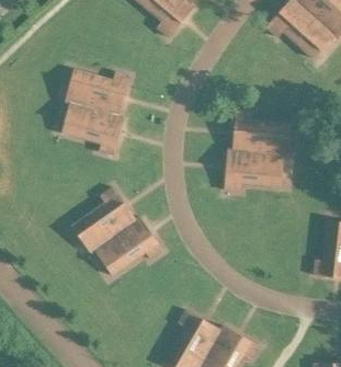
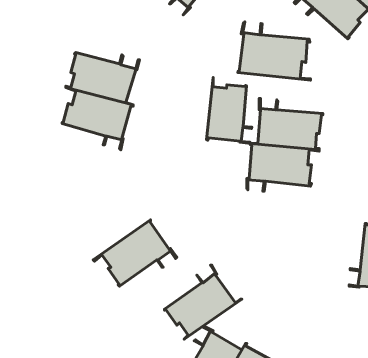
building: none -> [238,22,311,80]
building: none -> [207,77,252,144]
building: [71,187,139,252] -> [164,265,242,339]

